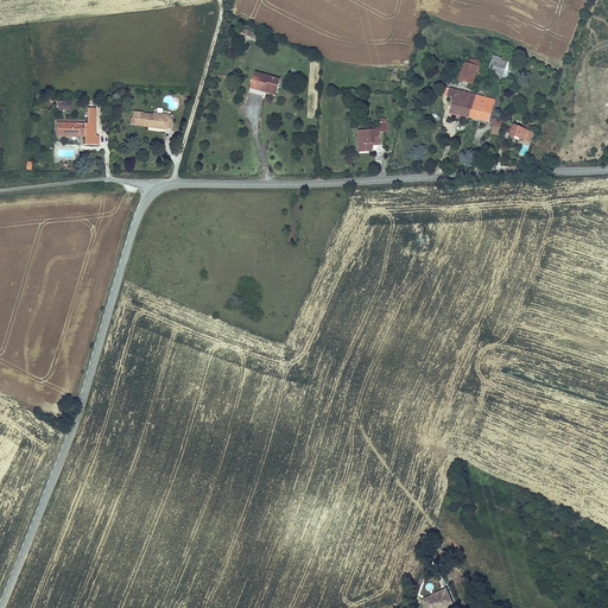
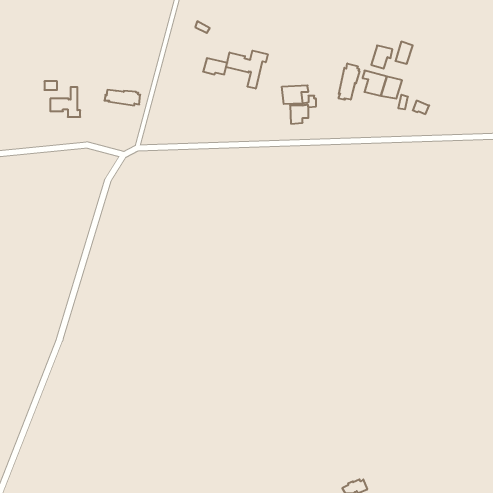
building: none -> [226,51,268,89]
building: none -> [339,63,359,100]
building: none -> [282,85,308,104]

